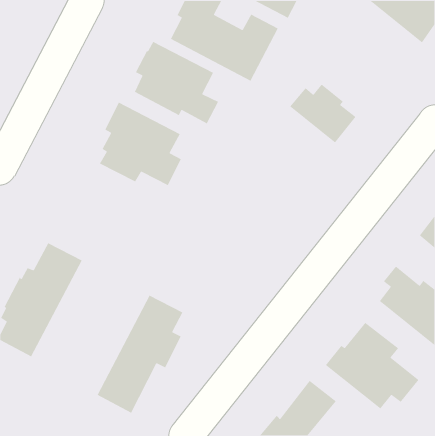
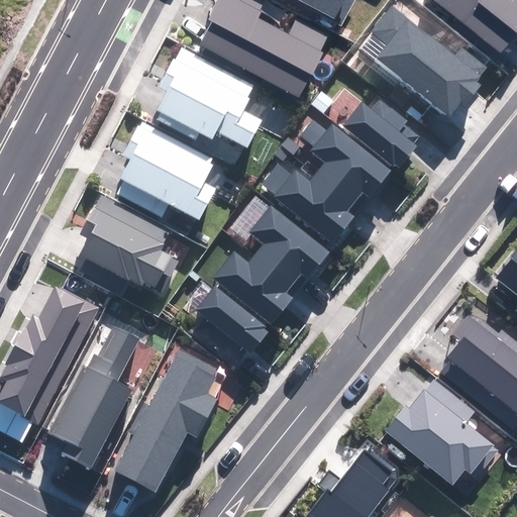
building: none -> [372,5,487,115]
building: none -> [260,119,390,243]
building: none -> [80,196,176,291]
building: none -> [212,207,328,324]
building: none -> [196,286,269,352]
building: none -> [49,326,136,469]

